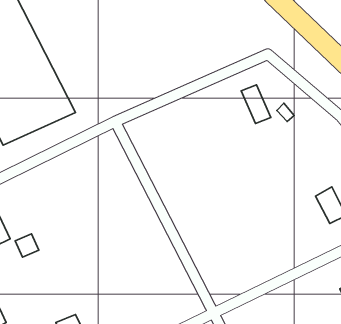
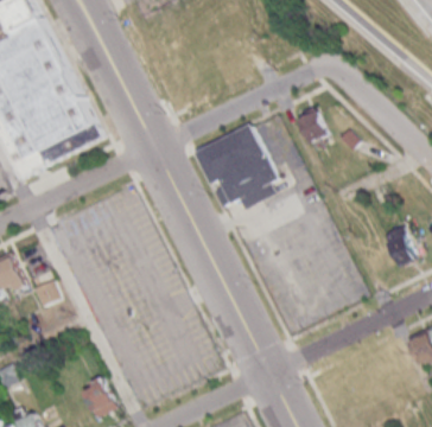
building: none -> [193,125,280,211]

